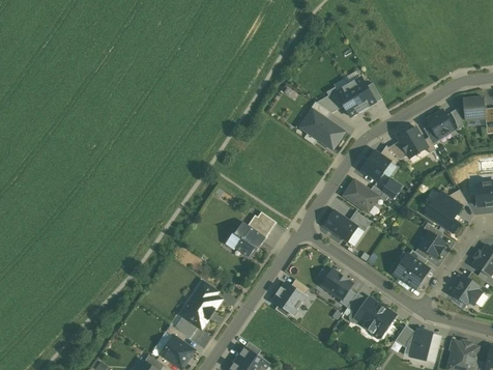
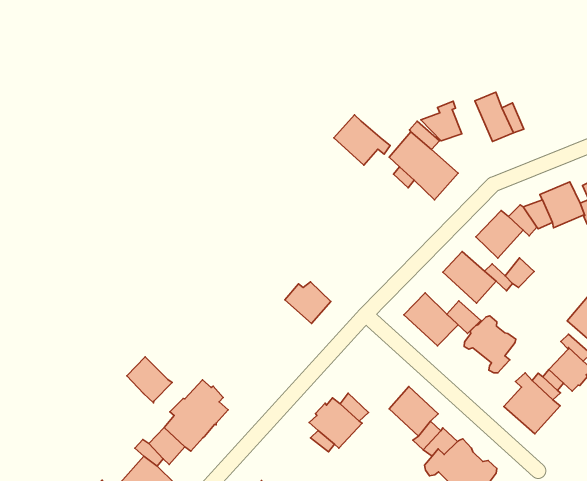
building: [335,85,363,117] -> none
building: none -> [334,115,390,165]
building: none -> [464,316,516,373]
building: [224,221,265,259] -> none
building: none -> [127,357,172,403]

